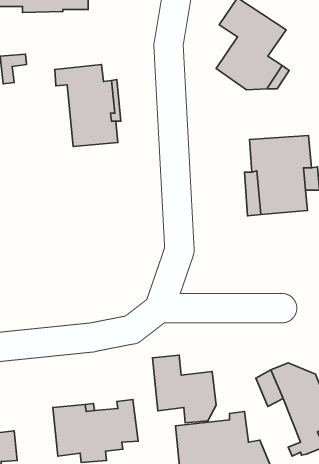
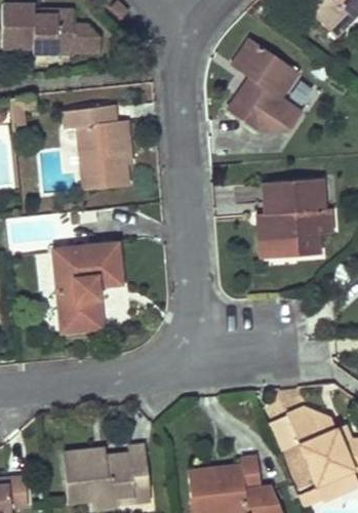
building: none -> [53,243,122,331]
building: [152,355,216,423] -> none

